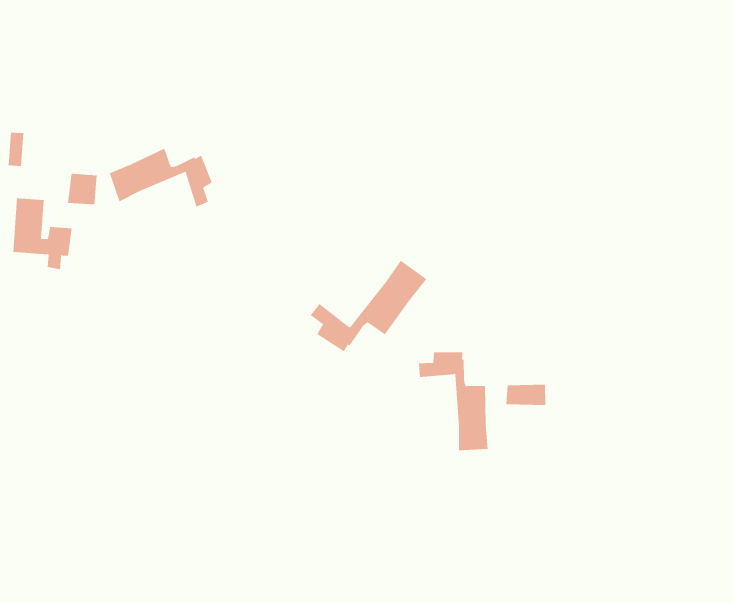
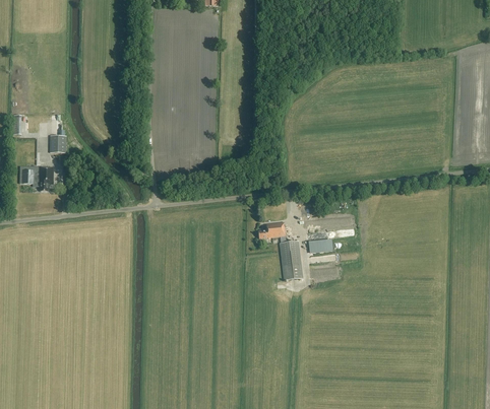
building: [109,148,213,207] -> none
building: [310,260,427,352] -> none

